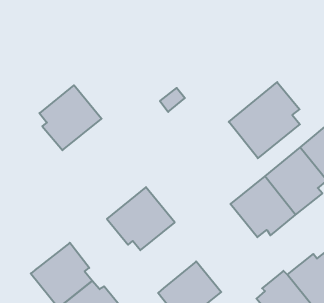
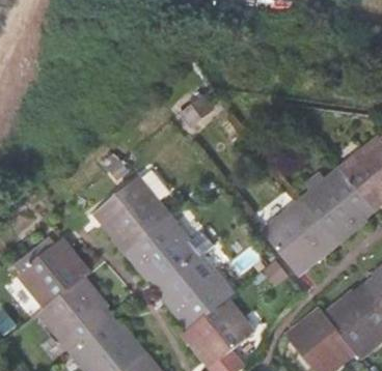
building: [229,82,300,158] -> none
building: [39,85,102,150] -> [98,177,167,250]
building: none -> [18,242,87,306]
building: none -> [161,254,230,327]

